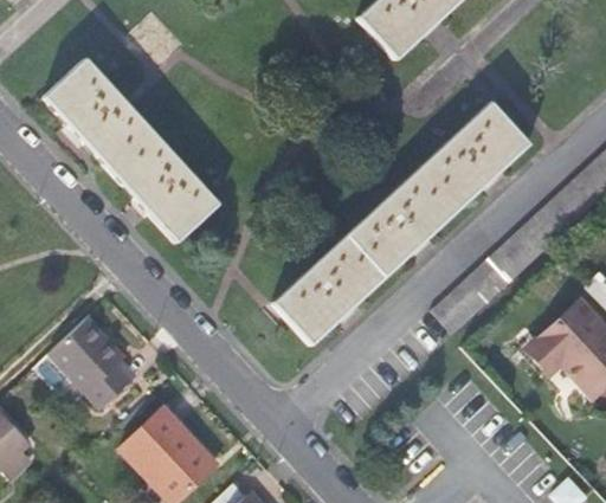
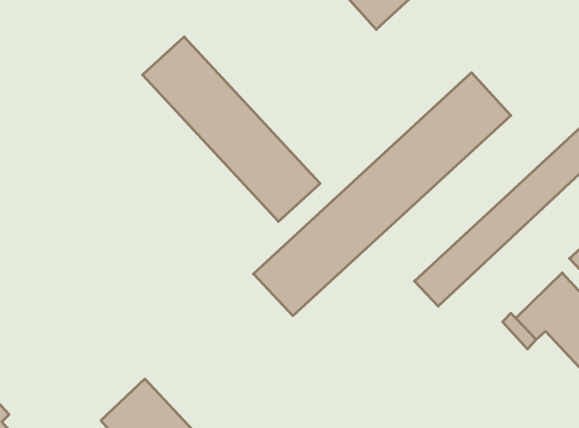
building: [43,59,219,243] -> [142,37,320,222]
building: [50,317,136,410] -> none

